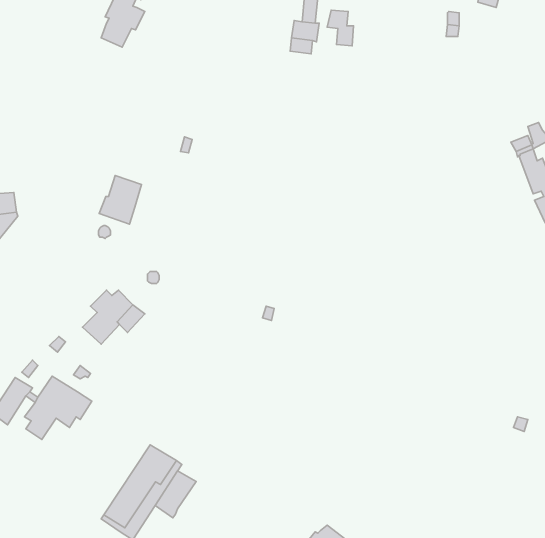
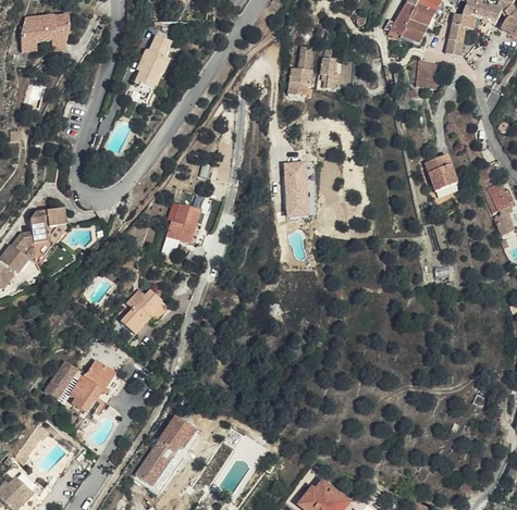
building: none -> [428,156,457,189]
building: none -> [284,160,316,216]
building: [99,175,142,224] -> [164,202,199,242]
building: [155,471,196,518] -> none

